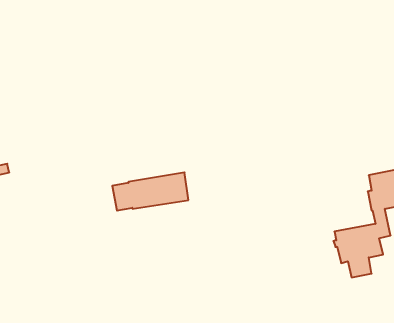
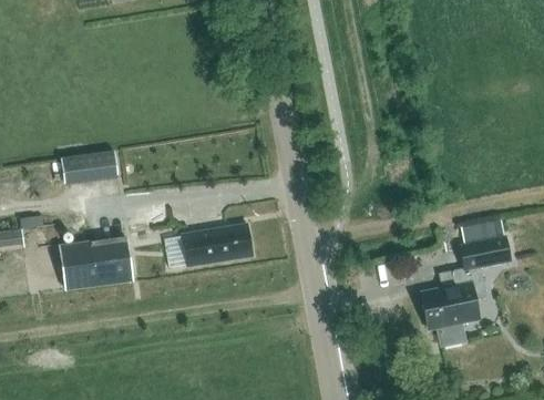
building: none -> [61,147,119,182]
building: none -> [60,237,133,290]

